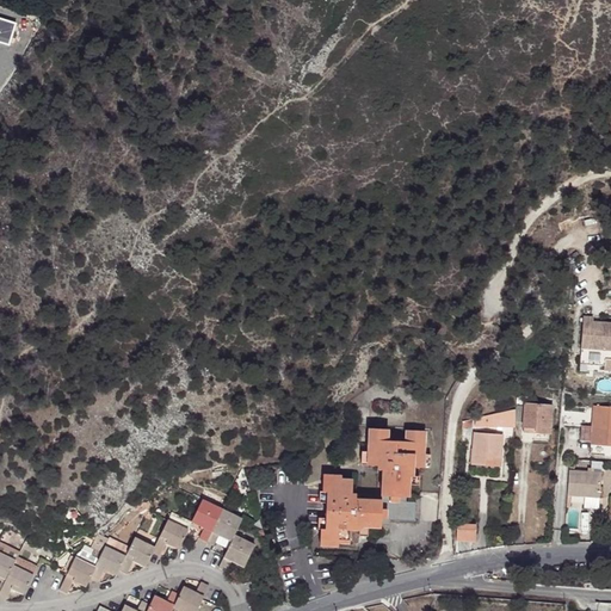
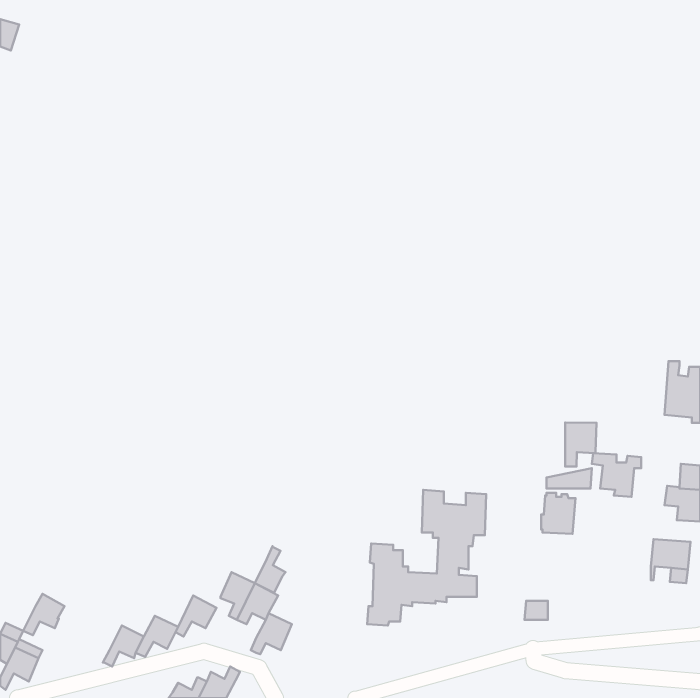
building: none -> [565,423,596,467]
building: none -> [255,546,286,593]
building: [60,556,95,592] -> [23,594,64,635]

